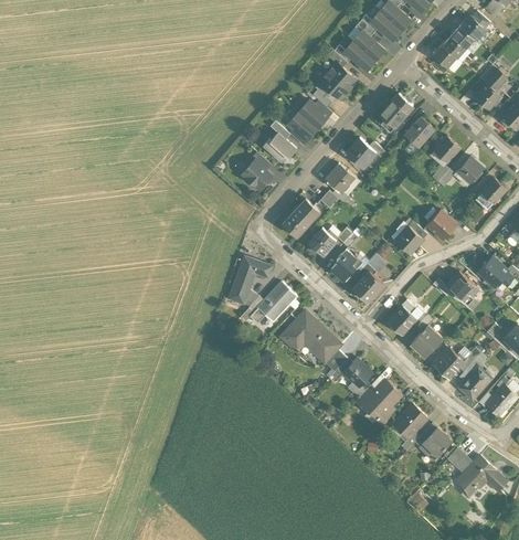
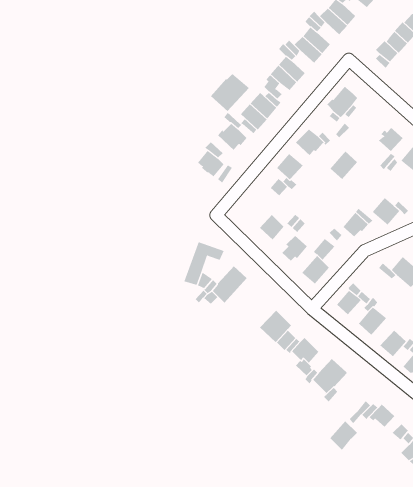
building: none -> [210,73,250,112]
building: [404,117,434,148] -> [329,151,358,180]
building: [283,200,318,236] -> none
building: [280,310,326,353] -> none
building: [396,404,426,436] -> [329,420,358,451]

